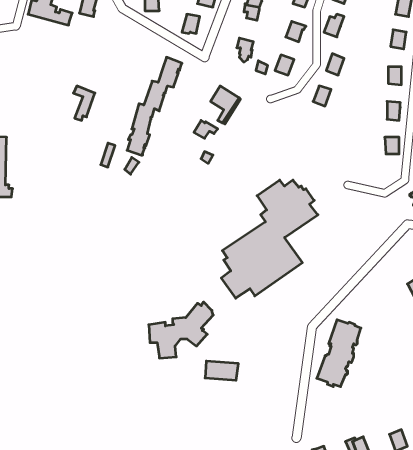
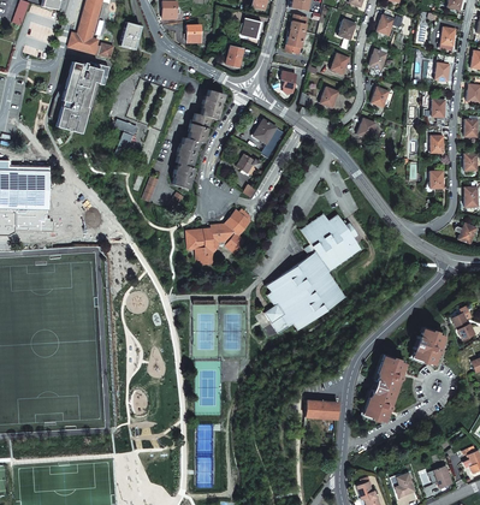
building: none -> [58,63,109,132]
building: none -> [413,329,444,366]
building: [149,302,213,358] -> [185,208,250,265]
building: [205,361,238,380] -> [303,399,337,418]

